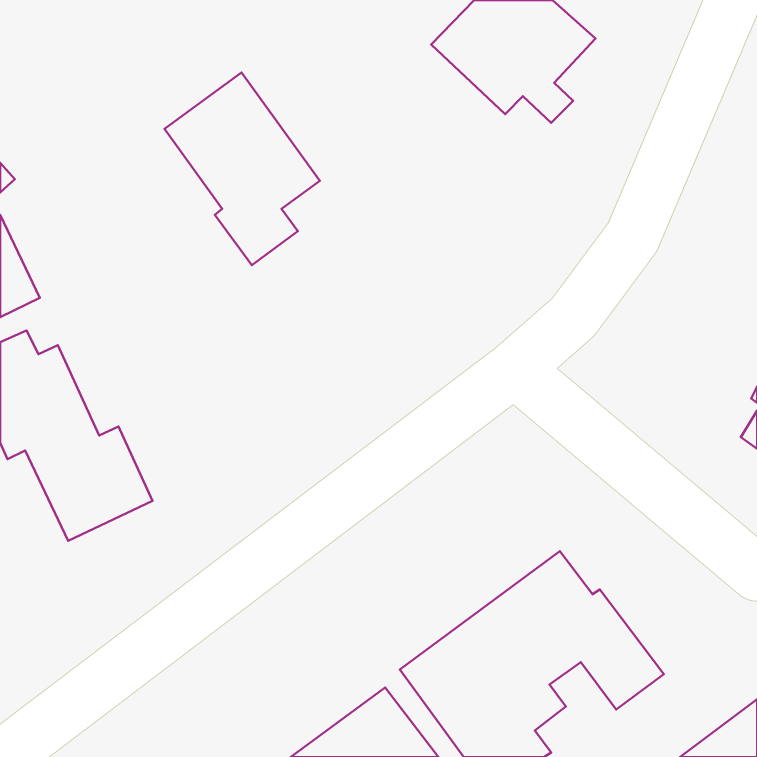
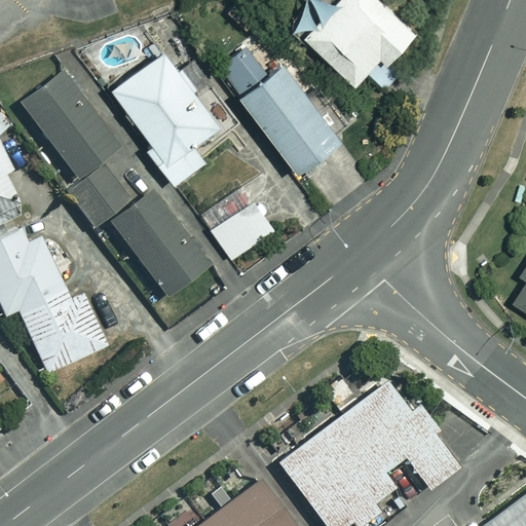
building: none -> [213,39,338,166]
building: none -> [20,75,204,299]
building: none -> [206,200,277,260]

